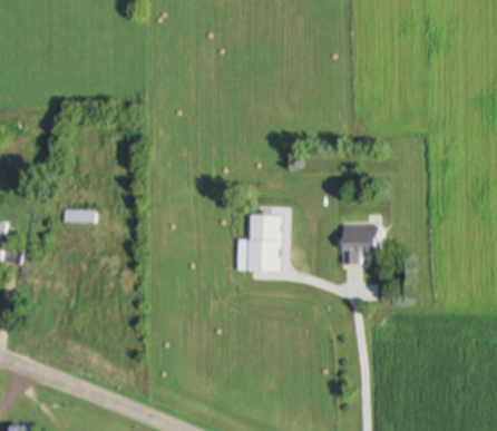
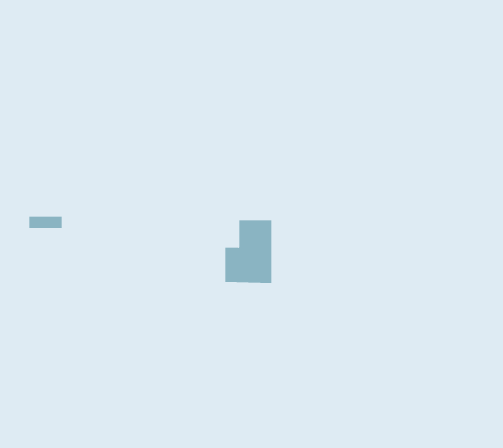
building: [342,224,380,264] -> none

